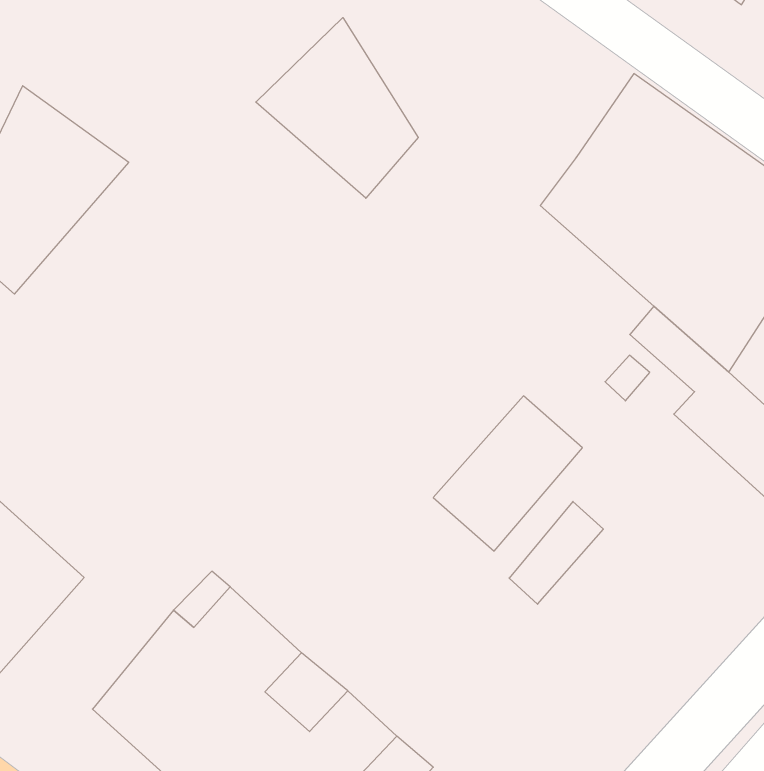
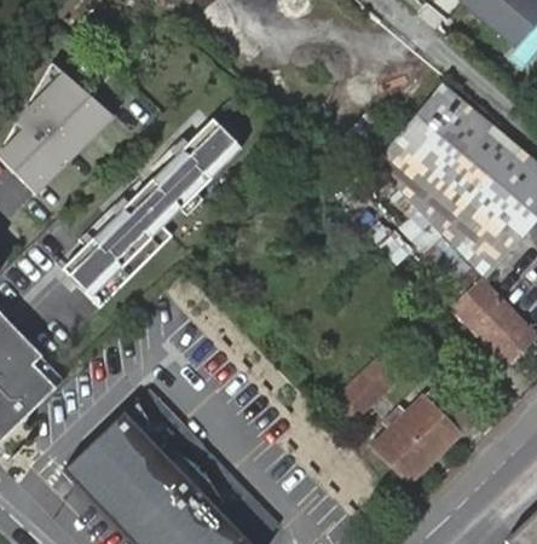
building: [256,18,418,198] -> none
building: none -> [63,121,243,307]
building: [433,396,582,551] -> [375,384,473,482]

